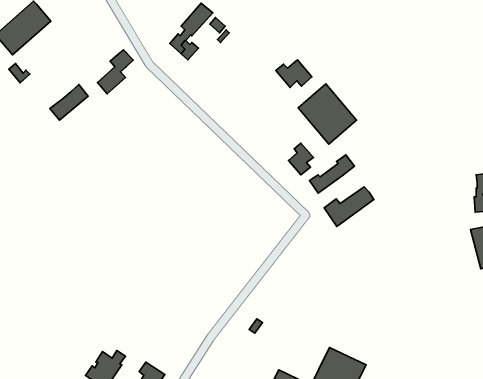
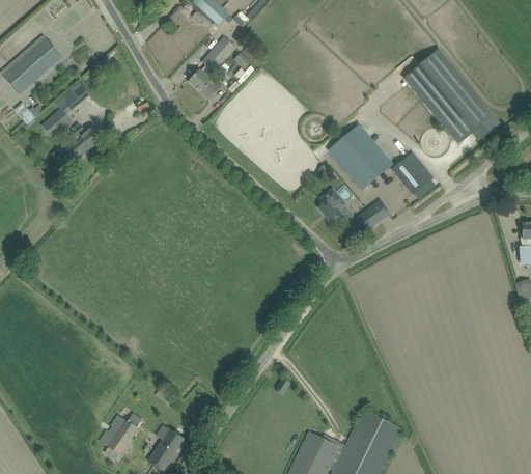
building: none -> [404,50,499,144]
building: [98,50,133,94] -> [41,90,80,138]
building: [276,60,312,88] -> none
building: none -> [393,152,434,194]
building: [324,187,374,226] -> none

